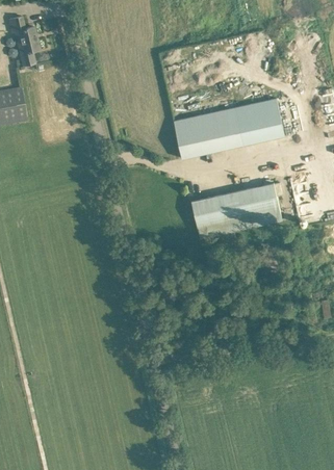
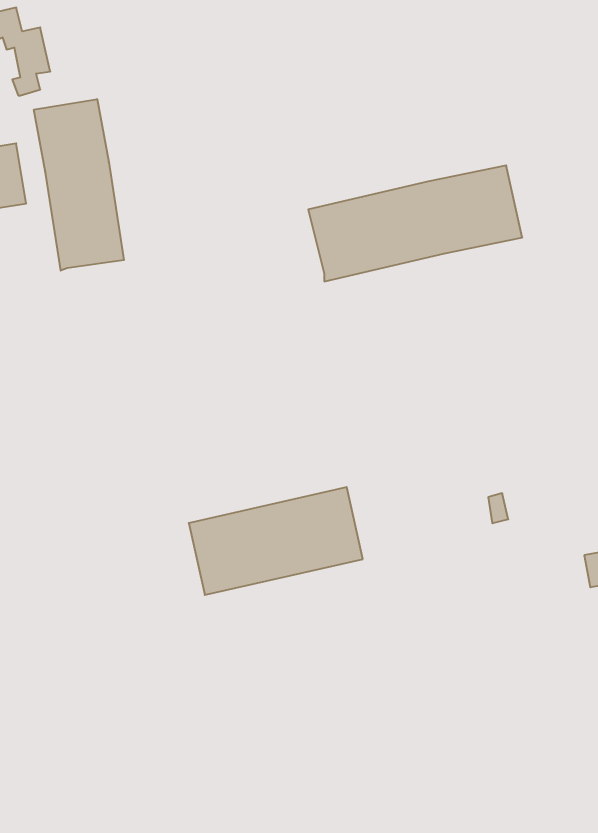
building: none -> [34,99,124,271]
building: [190,183,281,239] -> [189,487,363,595]

